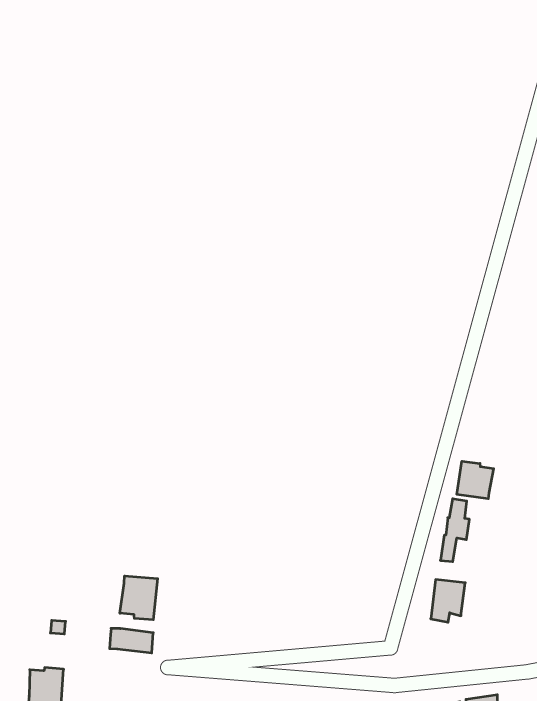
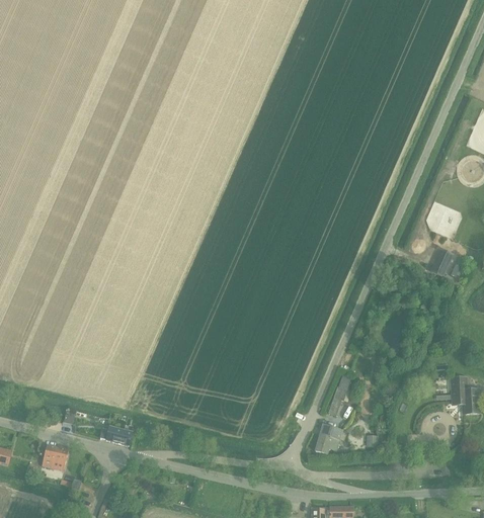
building: [457,461,494,499] -> none
building: [120,576,158,620] -> none

